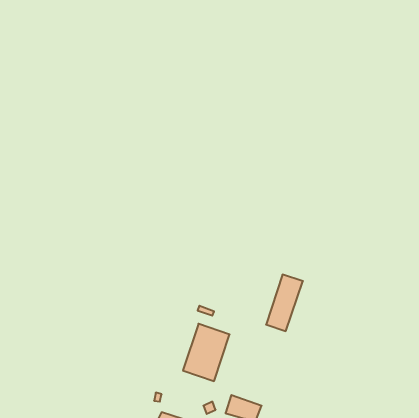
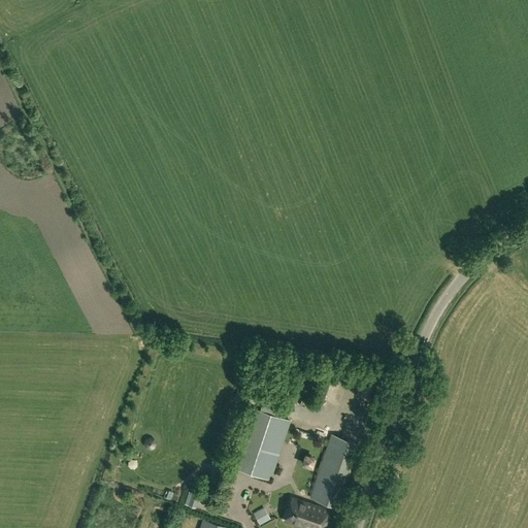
building: [266,275,303,331] -> [310,436,357,507]

